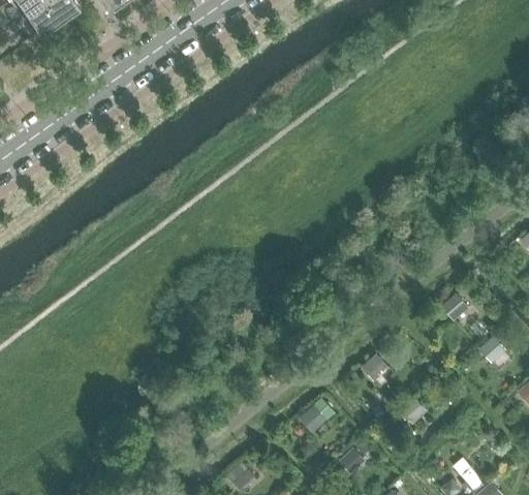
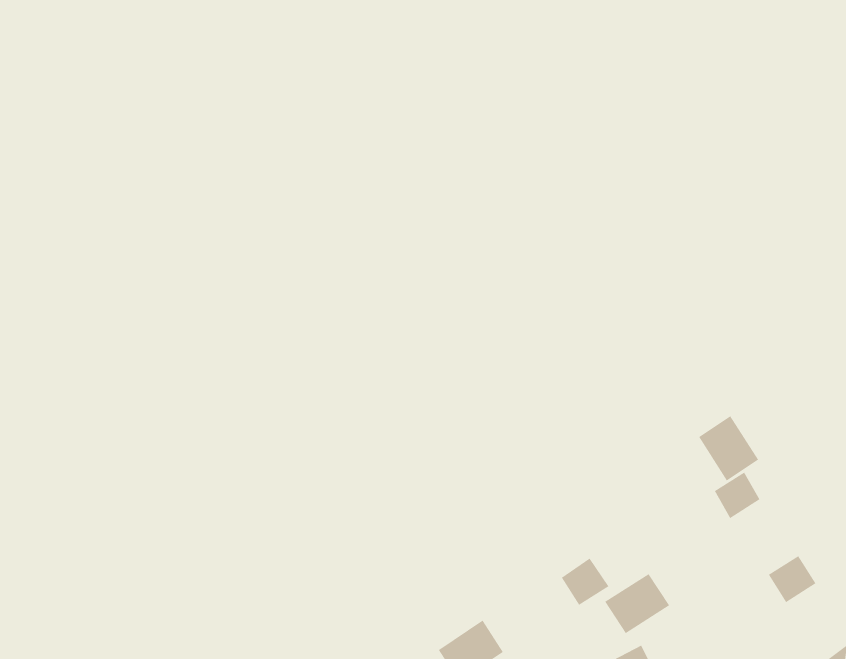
building: none -> [698,415,759,481]
building: none -> [604,573,670,634]

